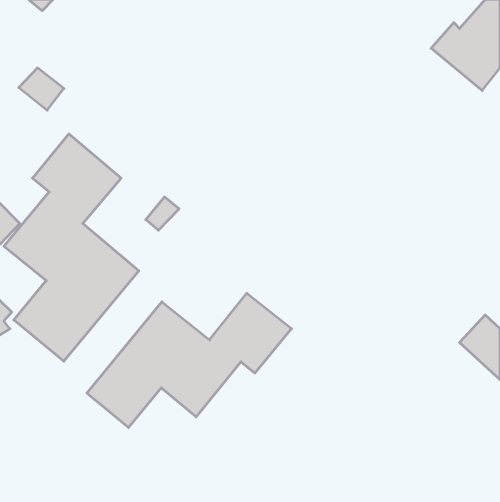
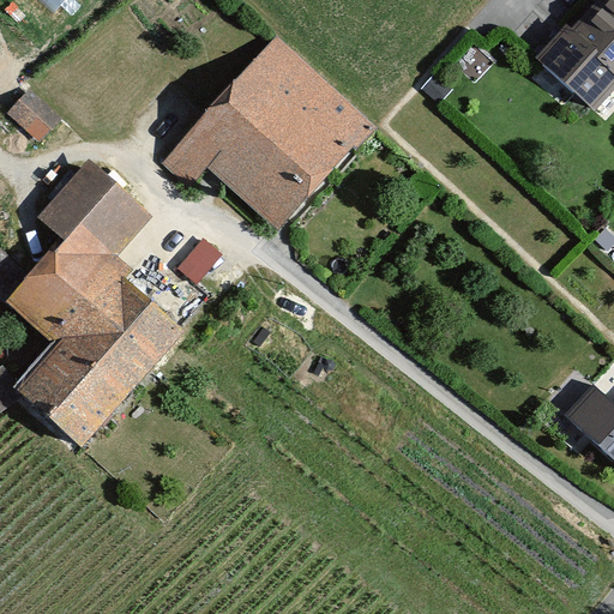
building: none -> [177,34,403,227]
building: [87,293,292,428] -> none

